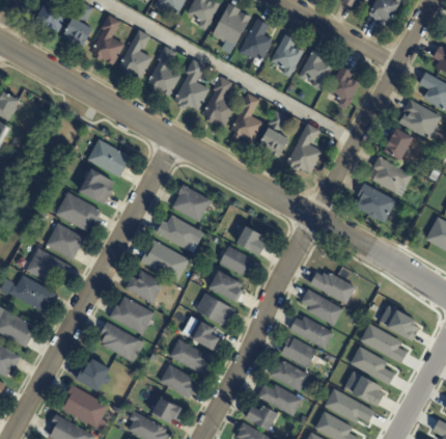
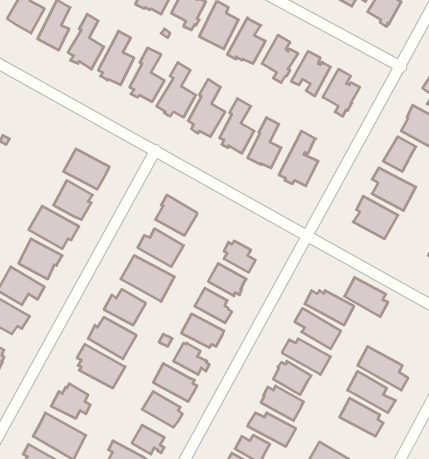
building: [378,304,418,340] -> [344,277,388,317]
building: [324,388,373,422] -> none

